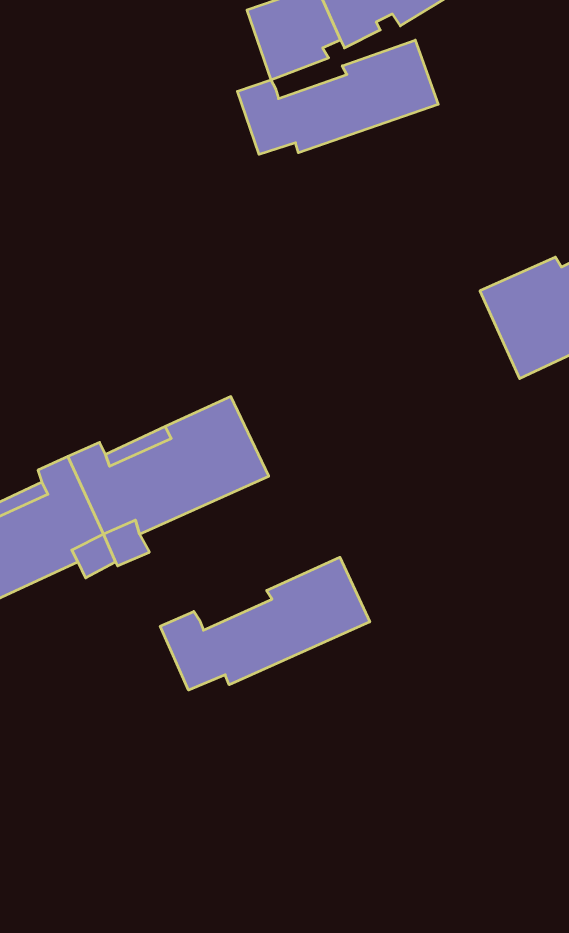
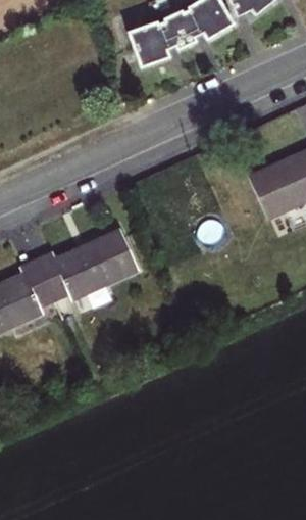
building: [237,40,438,154] -> none
building: [160,557,370,690] -> none

